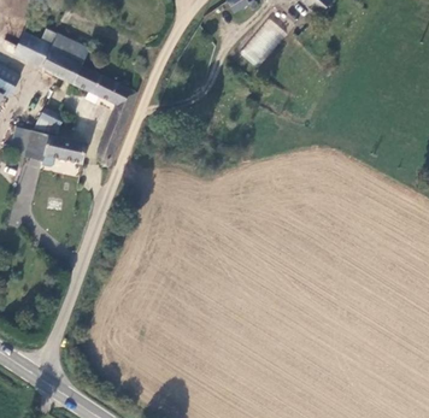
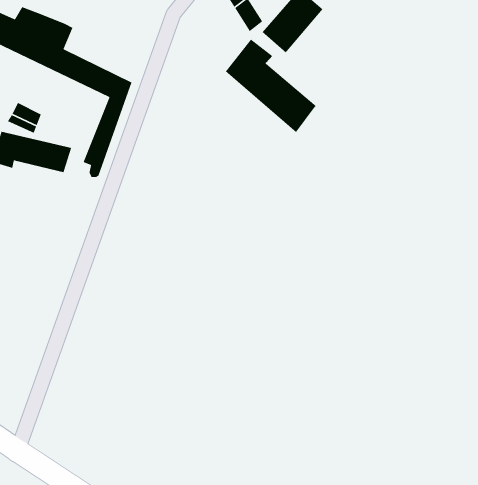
building: none -> [225,38,317,133]

